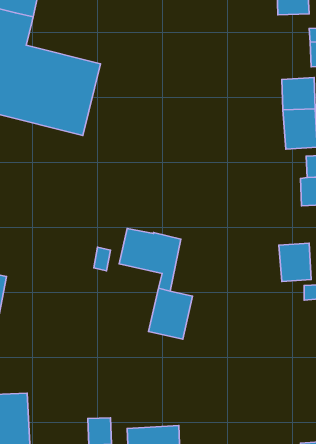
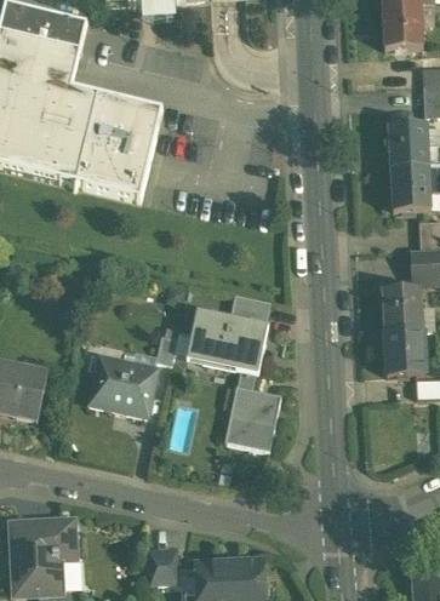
building: none -> [382,288,422,332]
building: none -> [229,291,269,325]
building: none -> [88,356,155,414]

